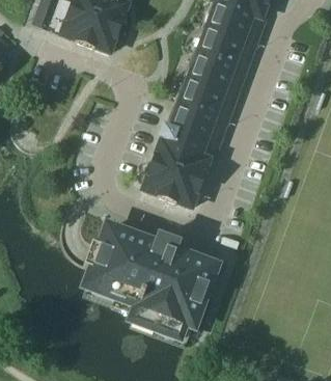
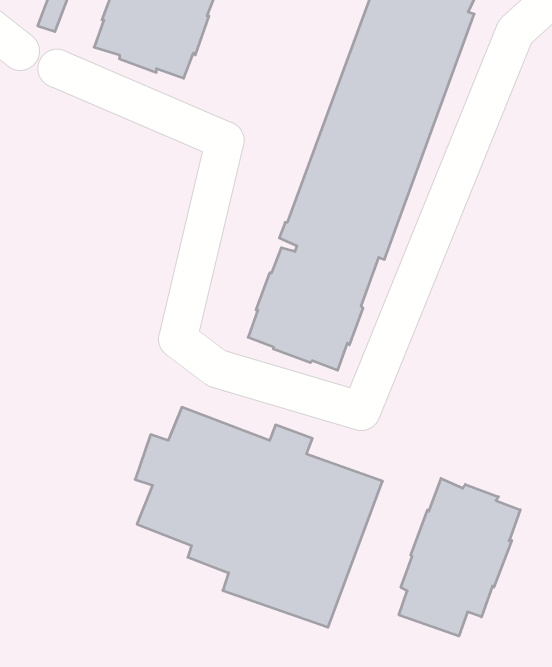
building: none -> [399,478,520,636]

